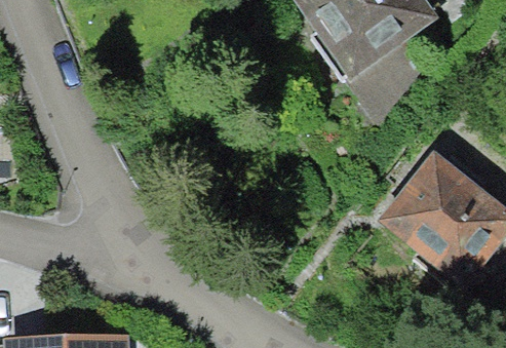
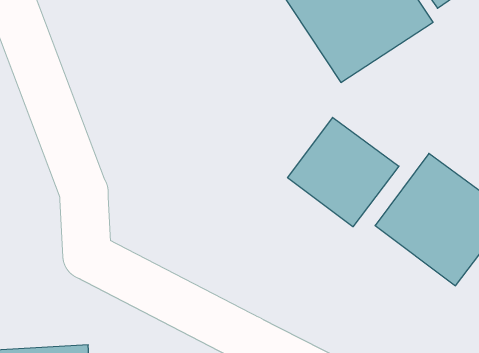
building: none -> [288,117,399,227]

